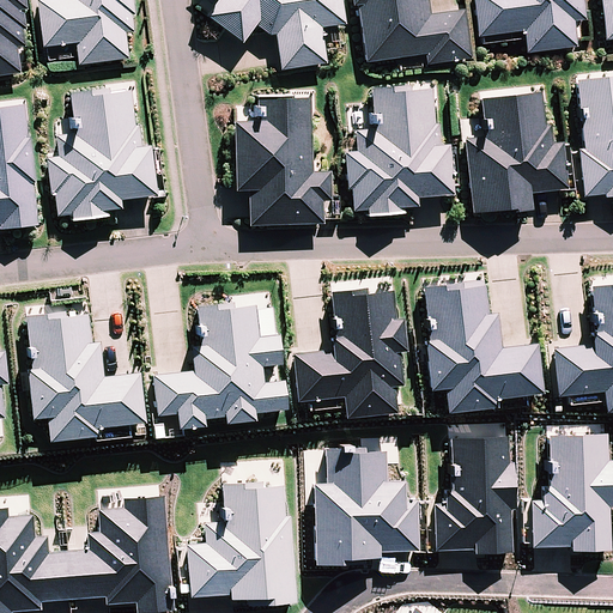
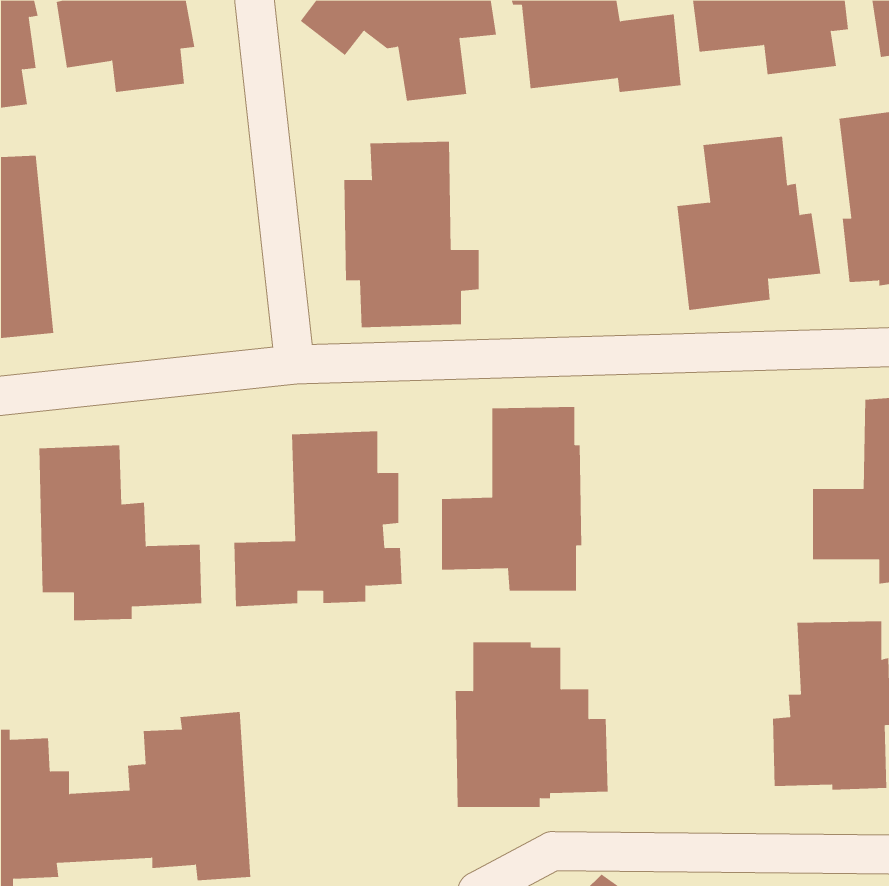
building: [346,90,451,218] -> none
building: [53,95,157,221] -> none
building: [429,281,532,409] -> none
building: [435,432,515,548] -> none
building: [188,478,296,601] -> none

